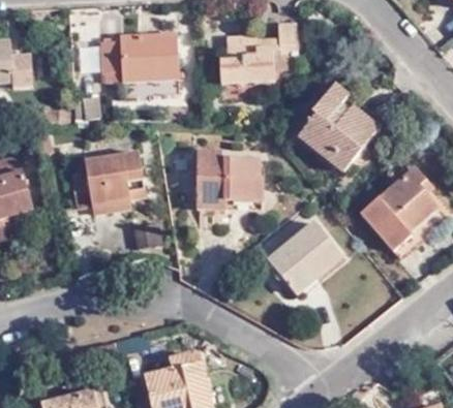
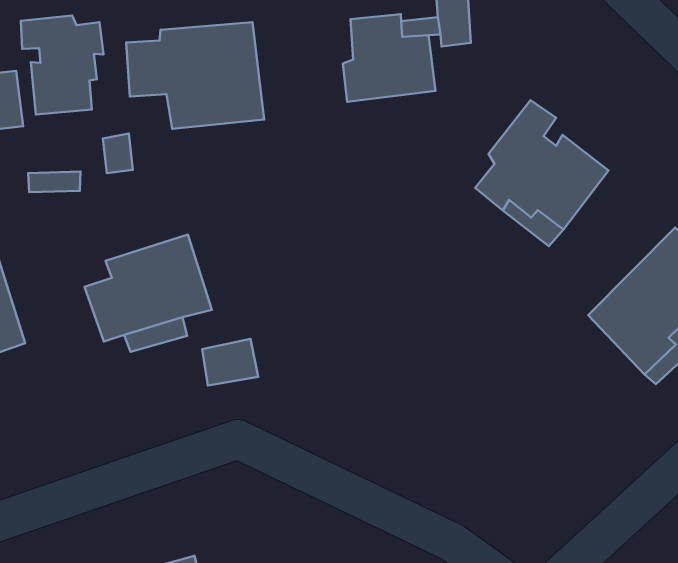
building: none -> [21,16,104,115]
building: [187,155,254,217] -> none
building: [269,221,343,292] -> none

